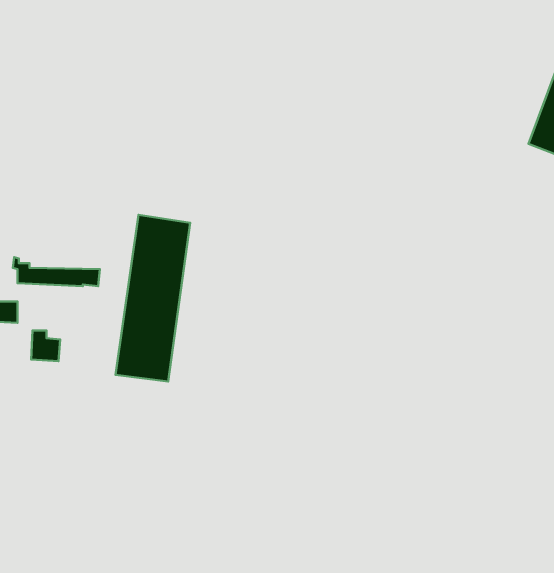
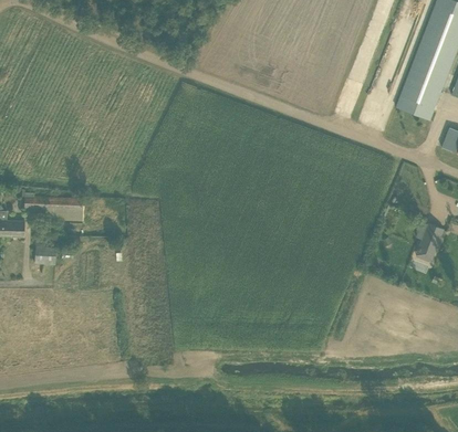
building: [116,215,190,382] -> none

